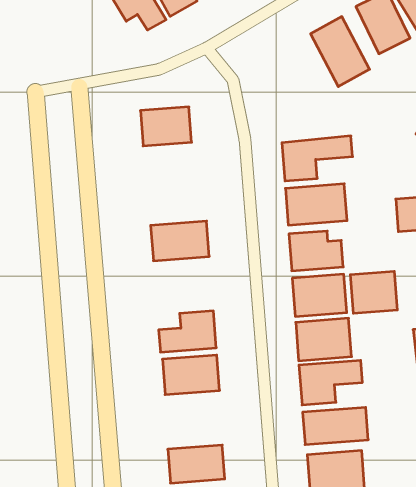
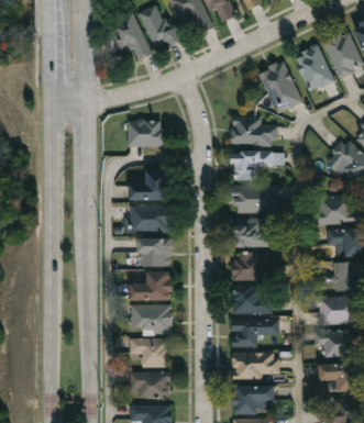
building: none -> [231,118,276,145]
building: none -> [128,170,167,200]
building: none -> [137,238,170,267]
building: [350,271,397,313] -> none
building: none -> [129,338,168,367]

